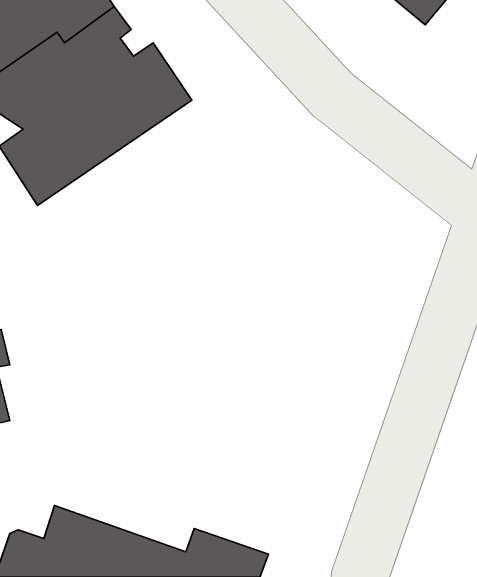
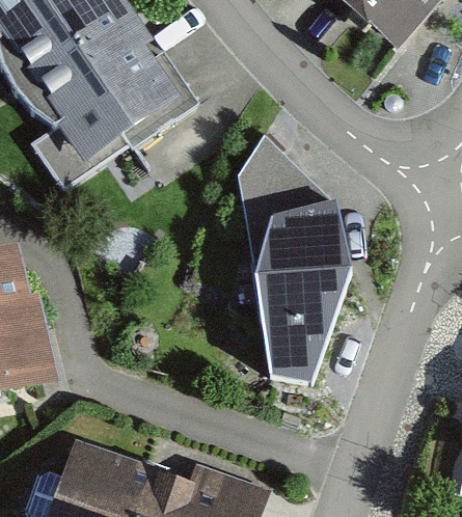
building: none -> [242,175,353,381]

